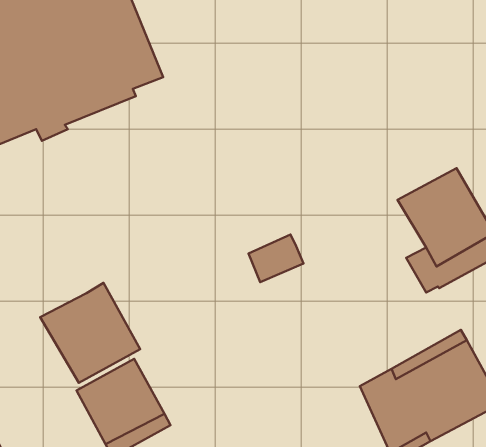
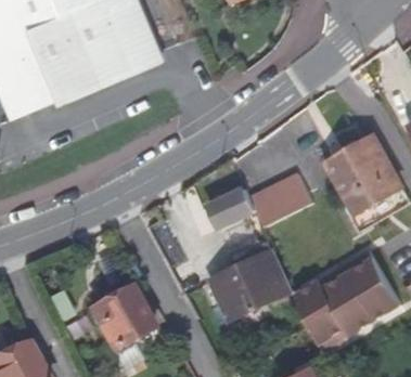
building: none -> [253,170,316,223]
building: [40,283,140,383] -> none
building: none -> [213,243,292,314]

